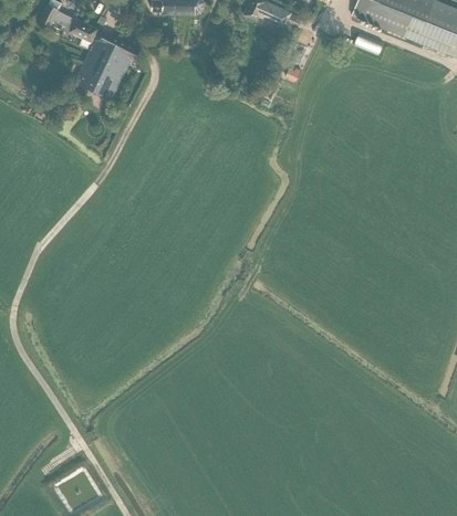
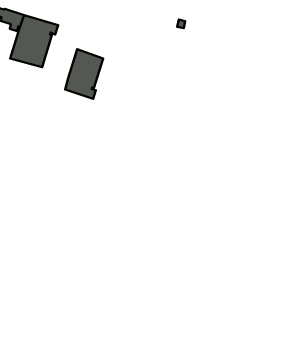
building: none -> [65,49,103,99]

